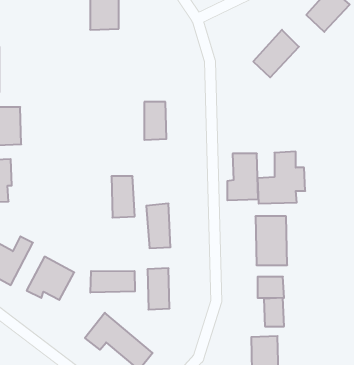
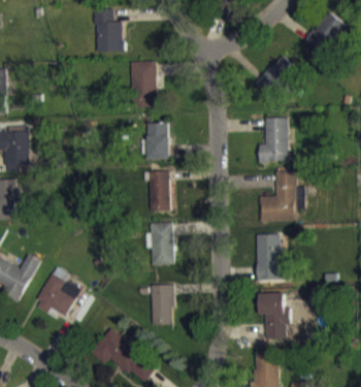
building: none -> [130,61,156,107]
building: [227,154,258,200] -> [258,118,288,163]
building: [111,176,135,218] -> [147,171,170,212]
building: [90,271,135,293] -> none

